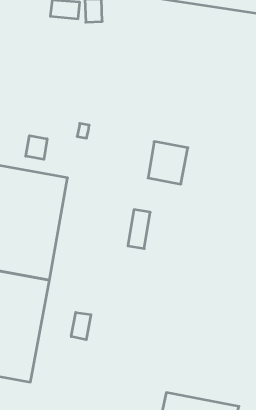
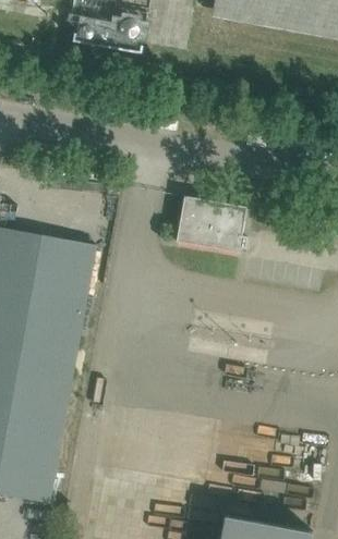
building: [26,136,47,159] -> none
building: [128,210,150,249] -> [177,196,205,245]
building: [71,312,91,340] -> none

